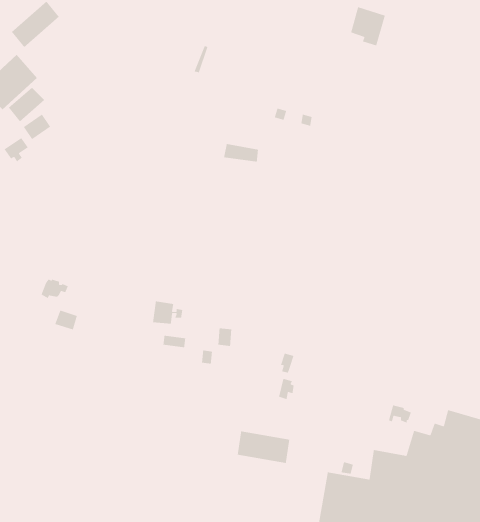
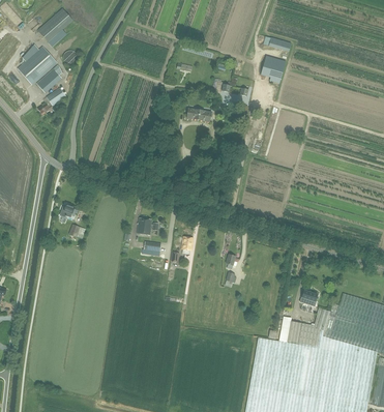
building: [350,6,386,46] -> [261,55,286,83]
building: [237,431,290,464] -> none

